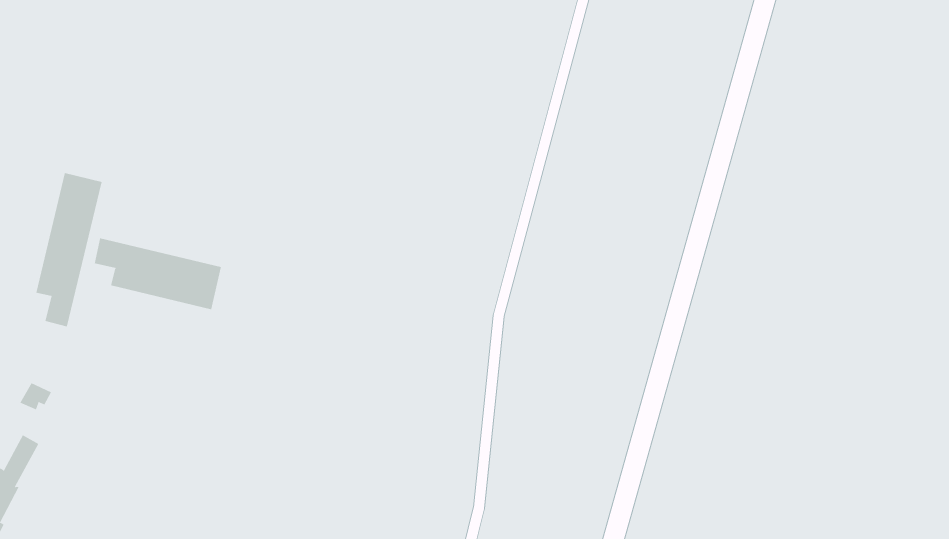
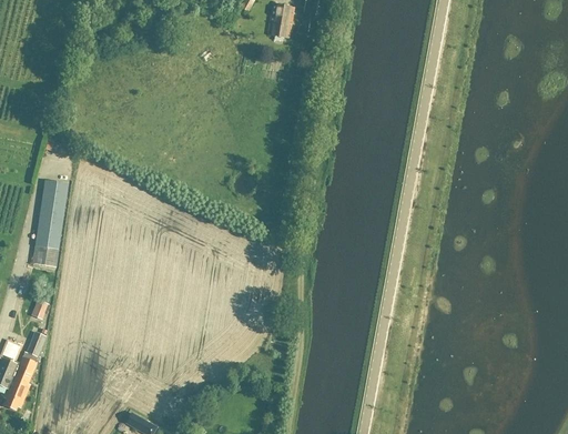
building: [94,237,222,310] -> none

